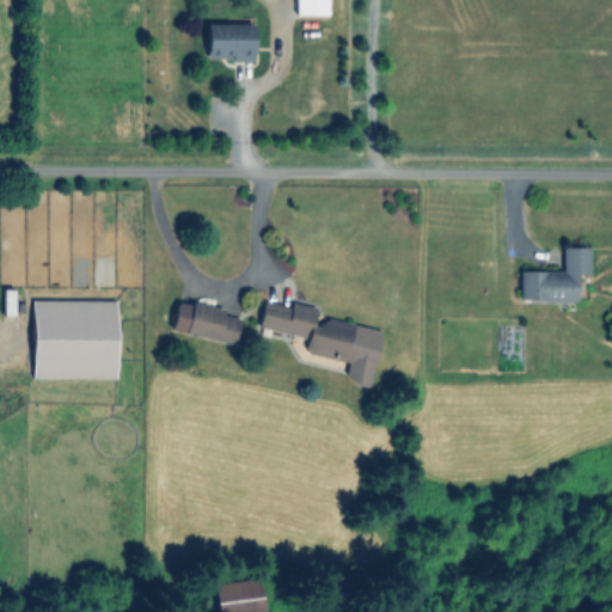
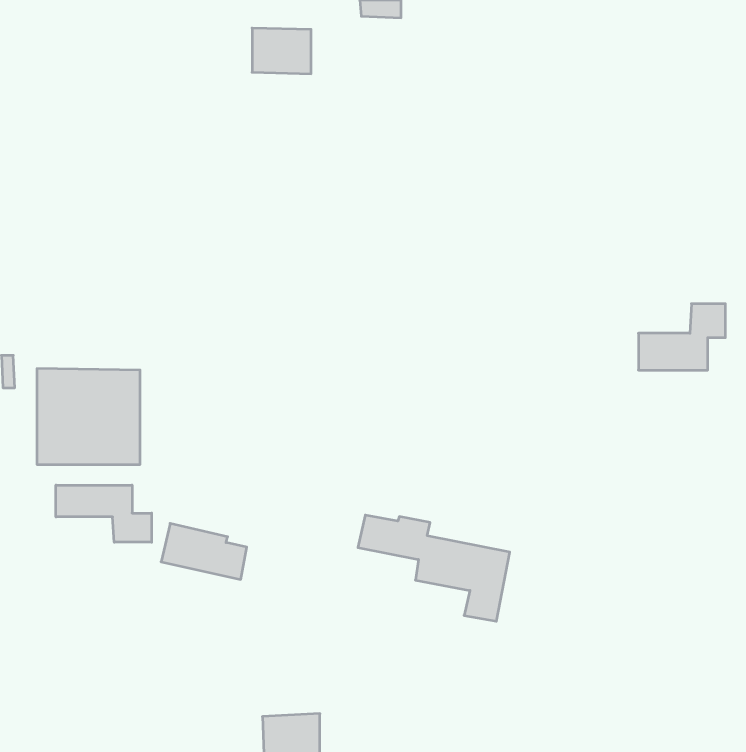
building: [175,300,244,345] -> [161,523,247,579]
building: [262,301,385,387] -> [358,515,510,621]
building: none -> [56,485,152,542]

